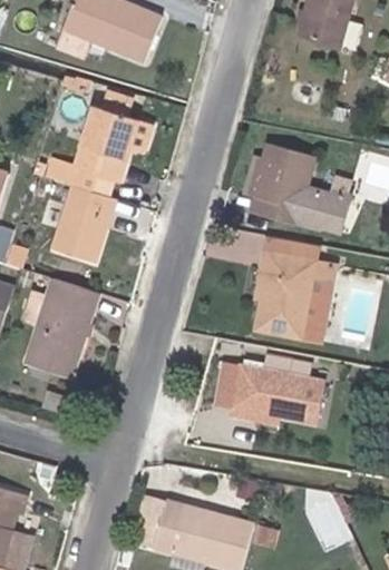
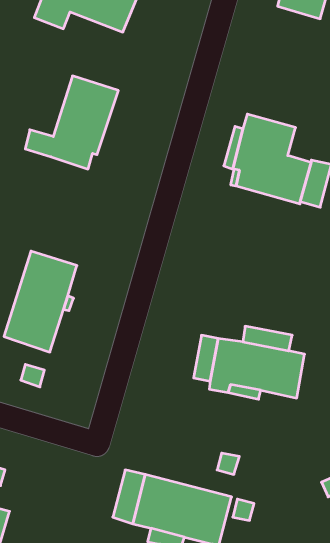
building: [52,185,116,263] -> none
building: [254,252,335,343] -> none

